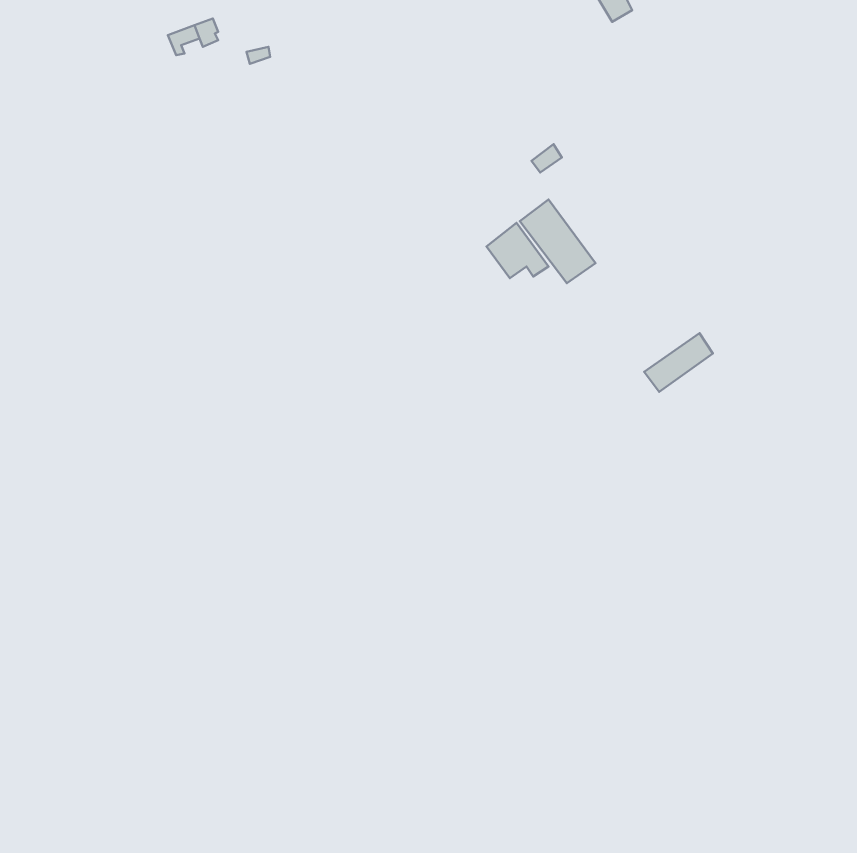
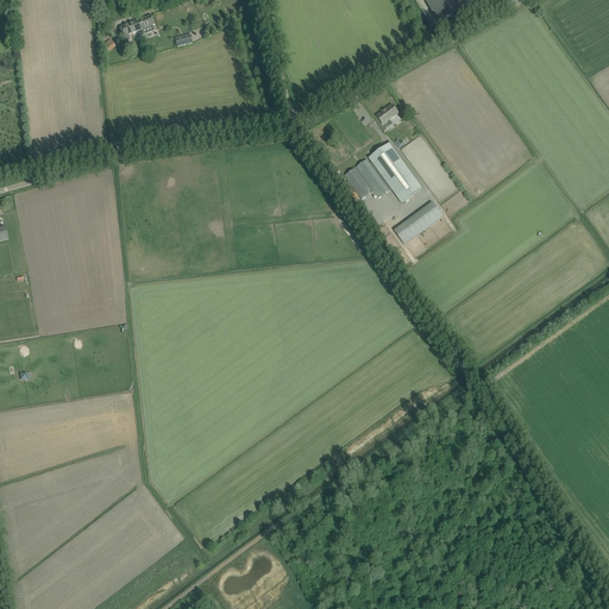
building: [644,333,713,392] -> [394,201,442,243]

